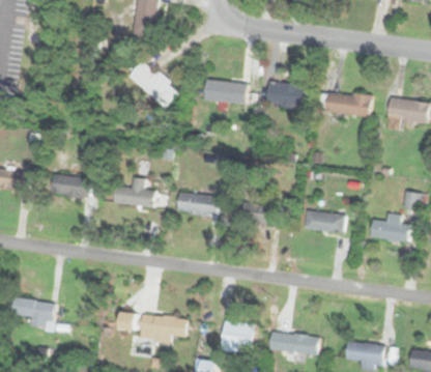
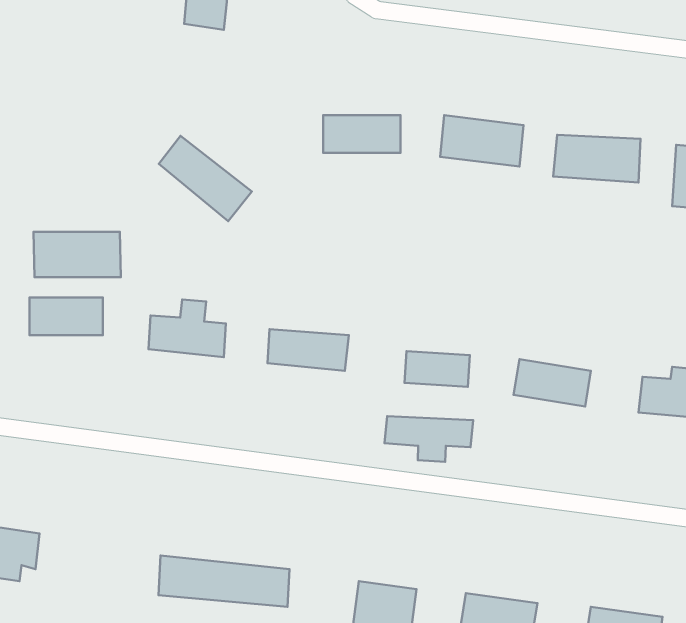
building: [131,62,179,107] -> [159,136,252,221]
building: none -> [33,232,121,277]
building: none -> [384,416,473,462]

